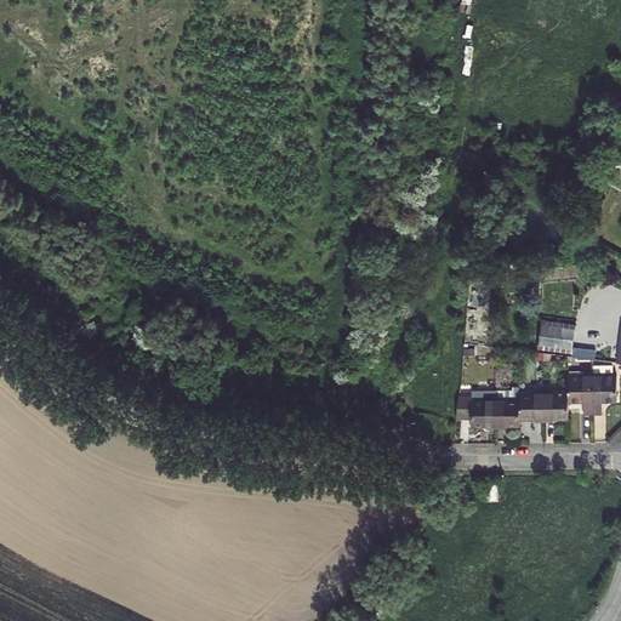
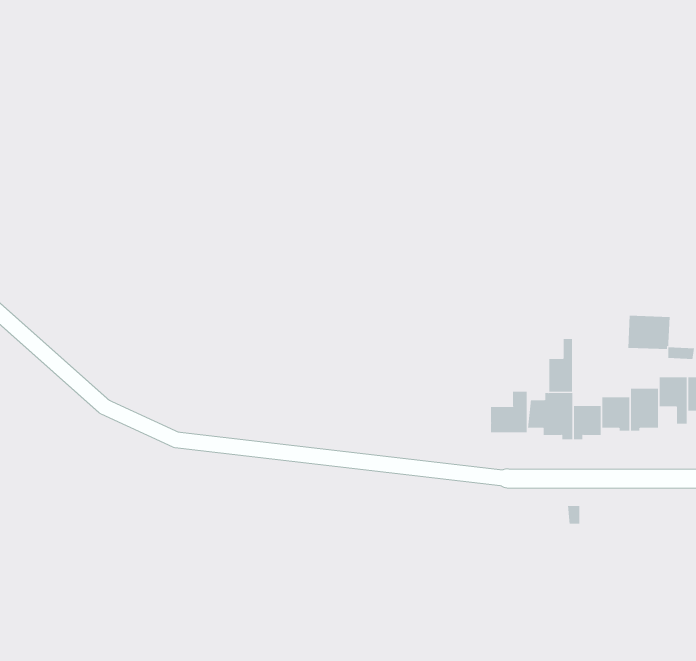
building: none -> [549,338,573,393]
building: none -> [491,391,527,433]

